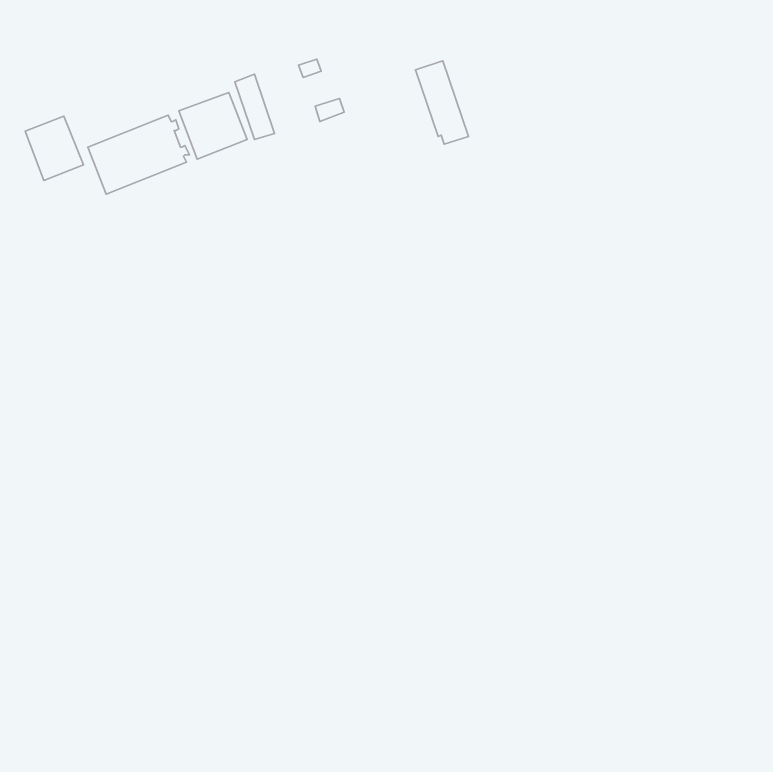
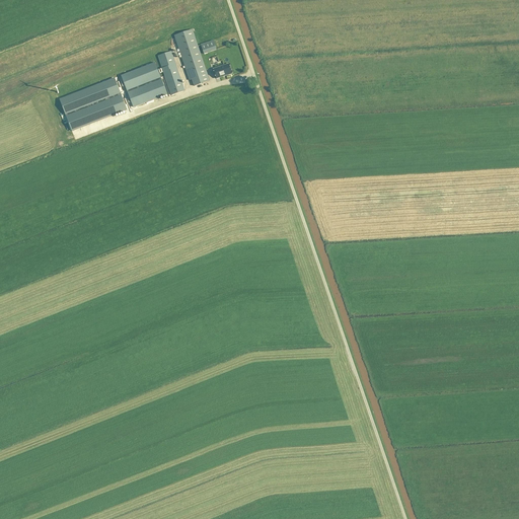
building: [415,61,469,144] -> [173,28,209,84]
building: [25,116,84,181] -> none

